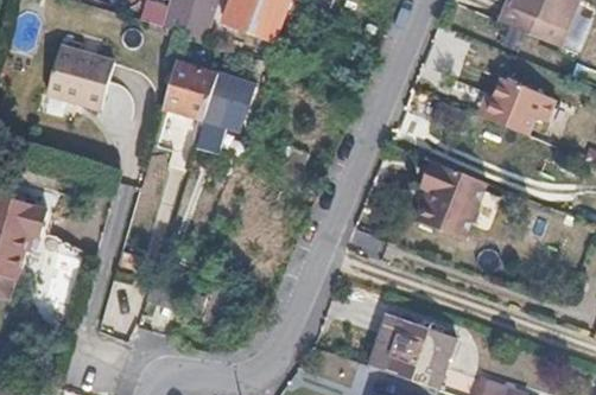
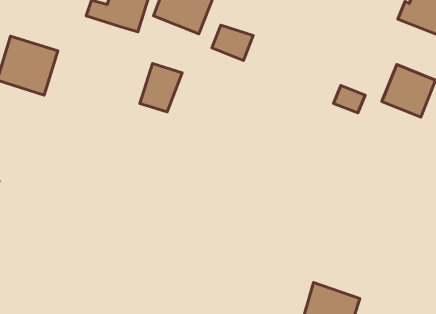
building: none -> [212,25,253,60]
building: [163,62,217,120] -> none
building: [404,157,470,232] -> none

